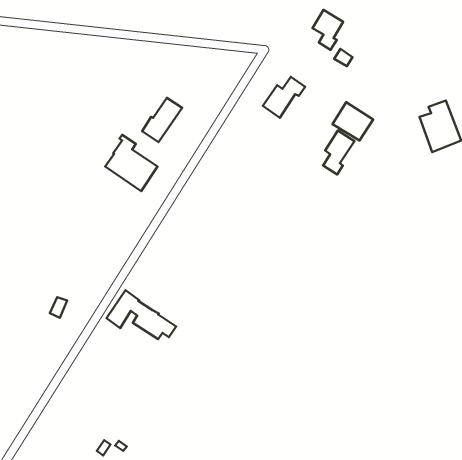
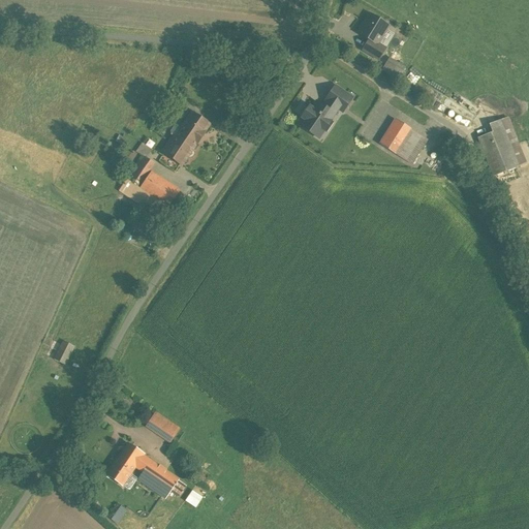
building: [323,130,355,174] -> none
building: [106,290,176,339] -> [105,440,185,496]
building: none -> [149,411,181,440]

